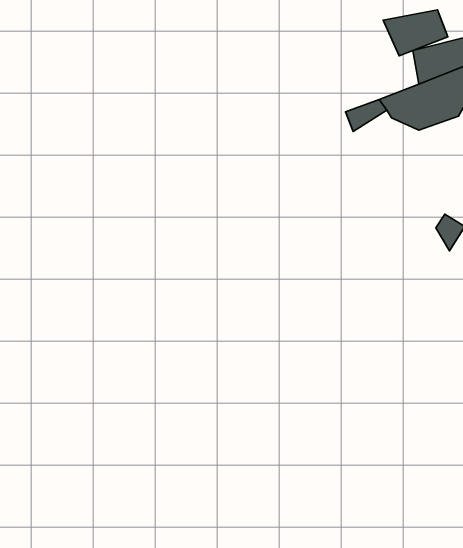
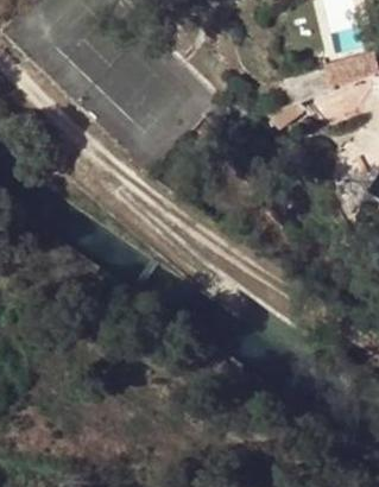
building: [383,10,448,56] -> none

